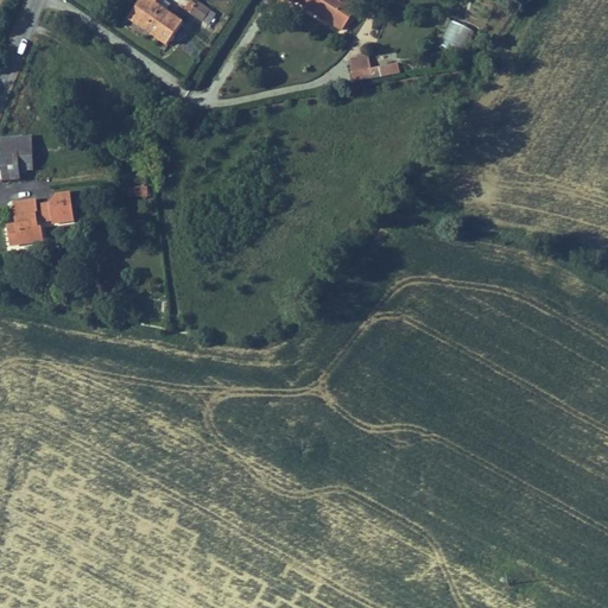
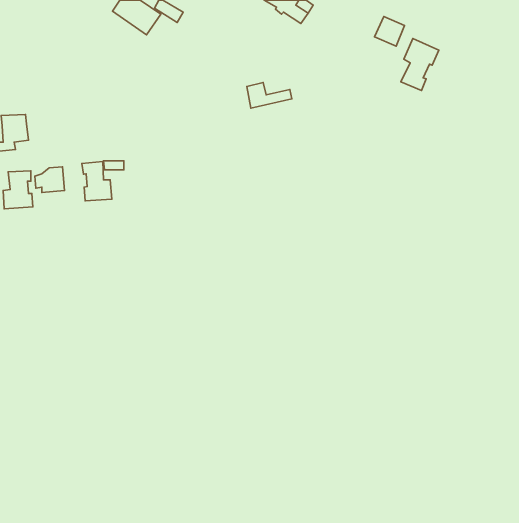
building: none -> [401,39,439,90]
building: [344,53,397,83] -> [247,82,292,108]
building: none -> [82,162,112,201]

